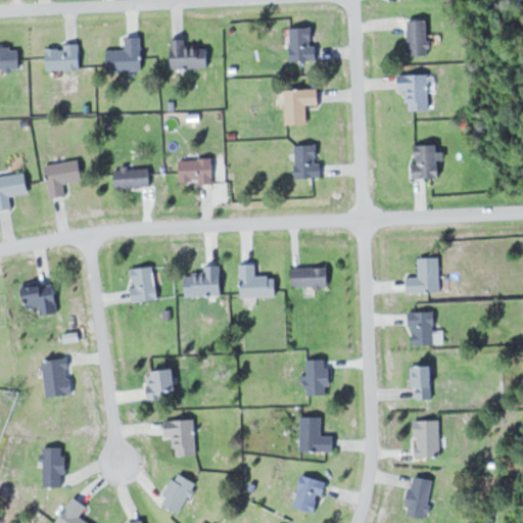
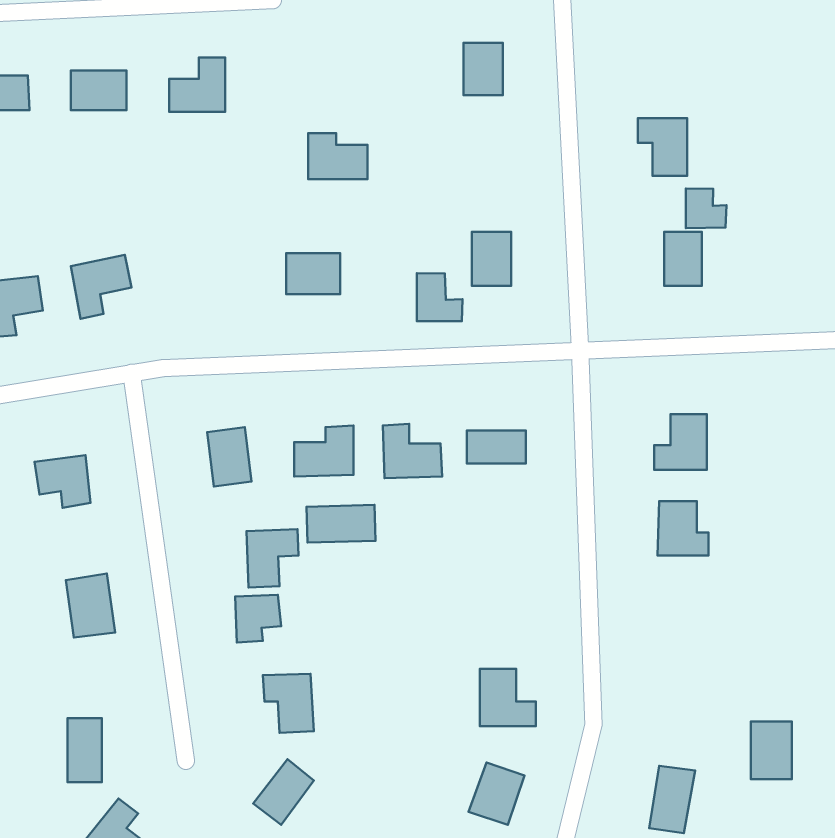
building: [408,19,427,55] -> none
building: [170,40,206,68] -> [308,133,367,179]
building: [283,90,317,124] -> none
building: none -> [686,188,727,228]
building: [113,169,148,187] -> none
building: none -> [417,273,463,321]
building: none -> [306,505,375,543]
building: none -> [246,529,298,587]
building: [304,361,327,395] -> none
building: [412,367,431,400] -> none
building: [414,421,439,457] -> [751,722,792,779]

